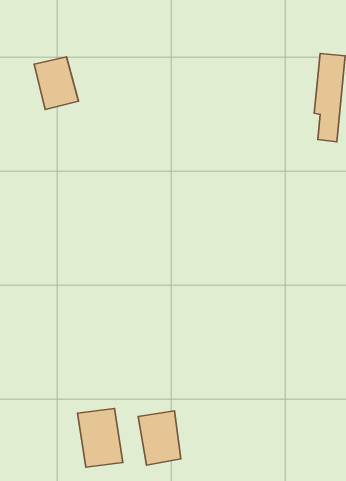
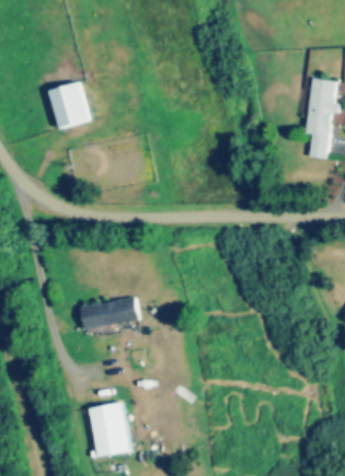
building: none -> [81,299,140,329]
building: [138,411,181,465] -> none

